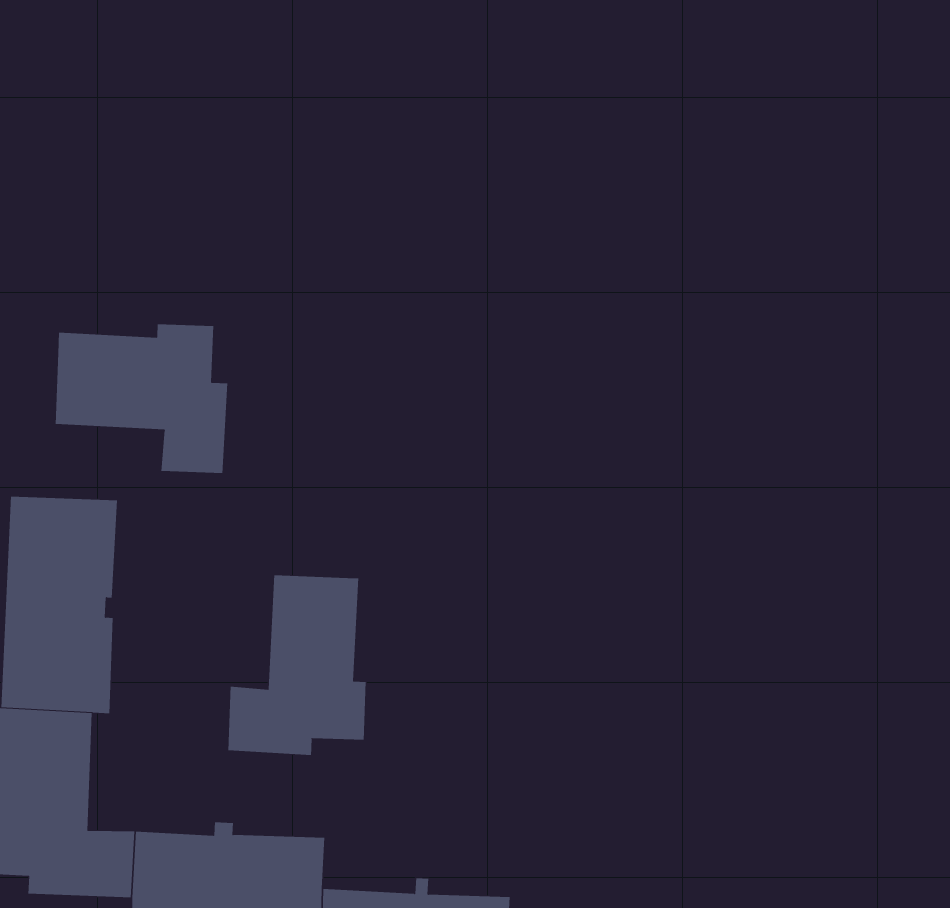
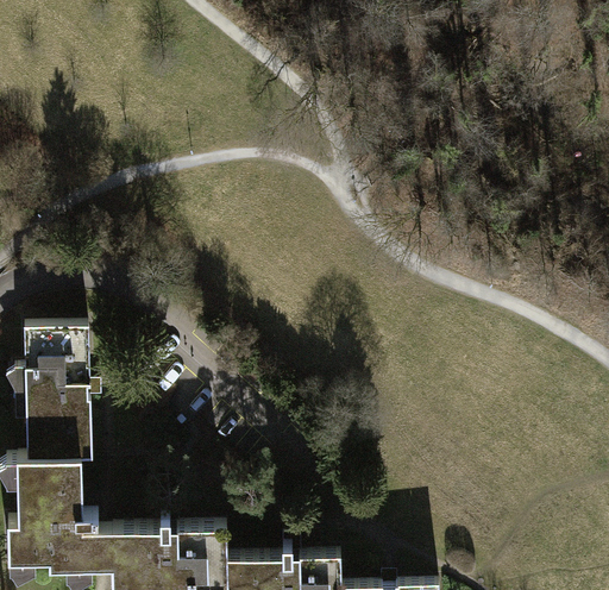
building: [55,323,228,474] -> none
building: [228,575,366,756] -> none

